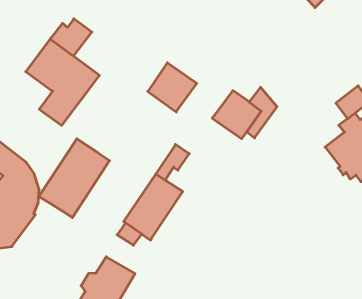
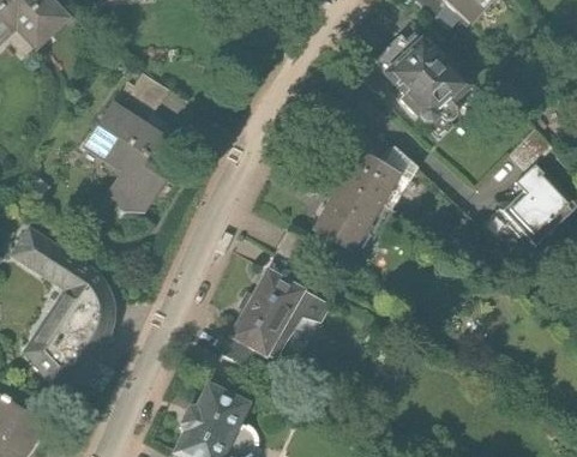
building: none -> [375,35,470,122]
building: [148,63,197,112] -> [312,190,375,253]
building: [39,139,110,218] -> none
building: none -> [268,289,331,360]

